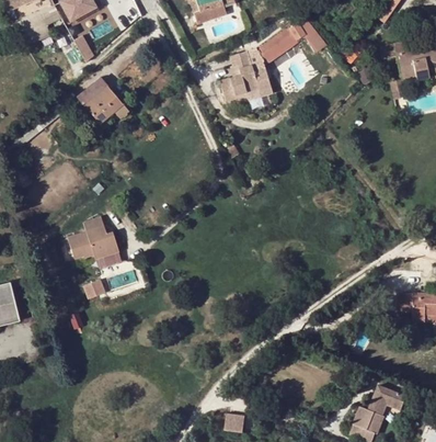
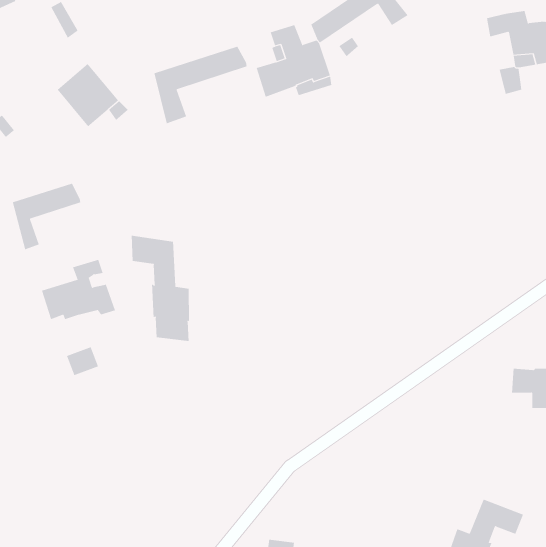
building: none -> [154,46,247,124]
building: none -> [12,183,81,250]
building: none -> [131,235,189,342]

